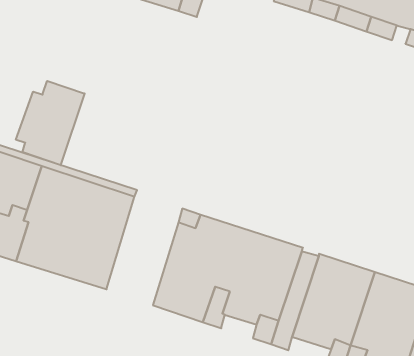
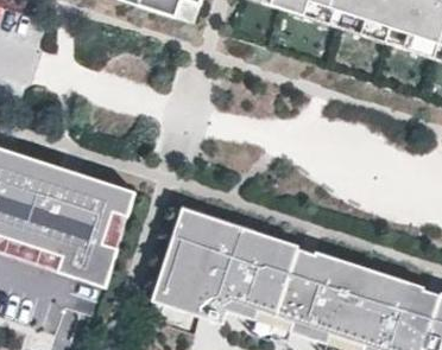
building: [16,81,85,165] -> none

